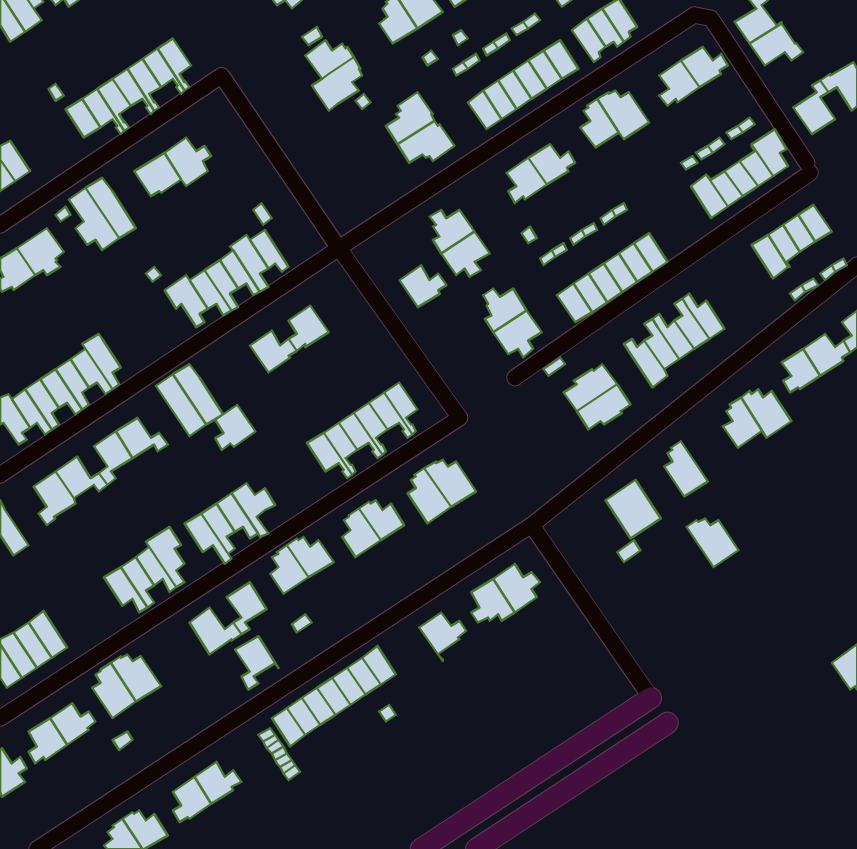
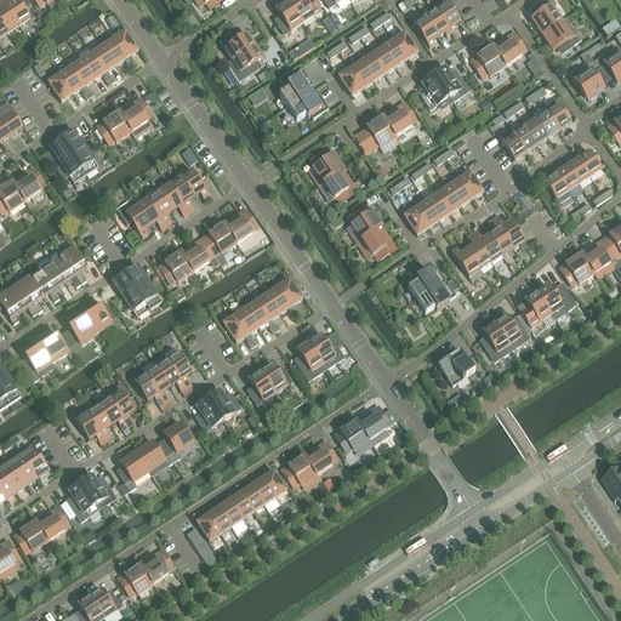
building: [399,265,446,307] -> [224,210,258,240]
building: [215,405,255,450] -> [165,250,194,283]
building: [687,518,739,567] -> [492,313,530,348]
building: none -> [287,454,320,485]
building: [235,636,278,690] -> [120,450,152,489]

